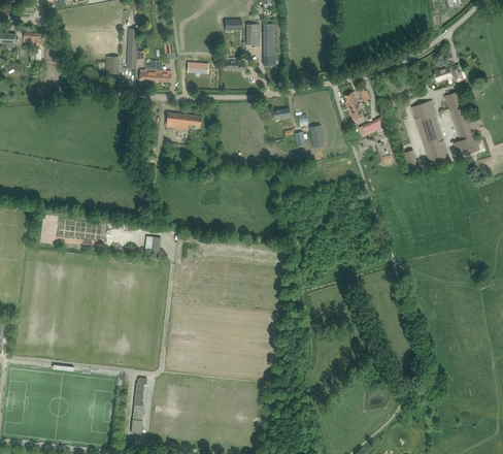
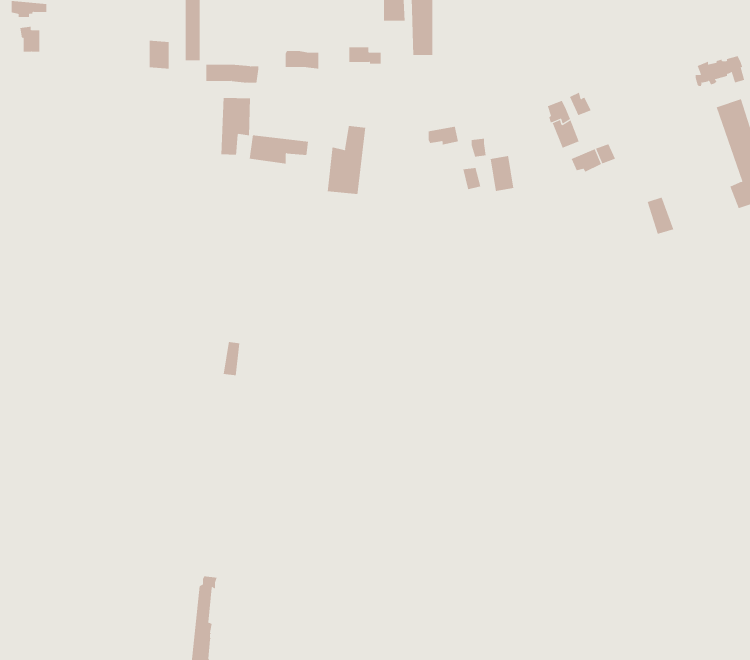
building: none -> [221,97,251,155]
building: [411,101,449,166] -> none
building: none -> [327,125,366,195]

